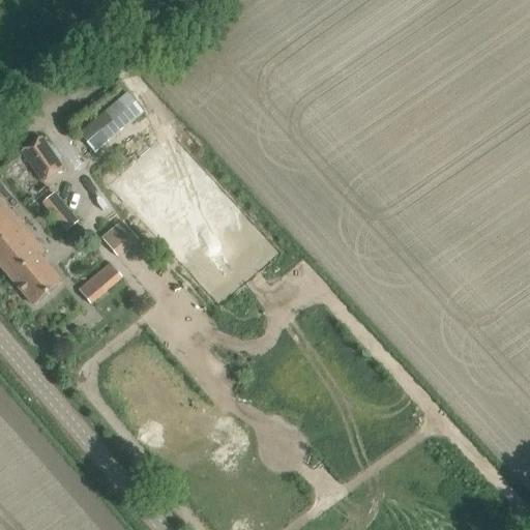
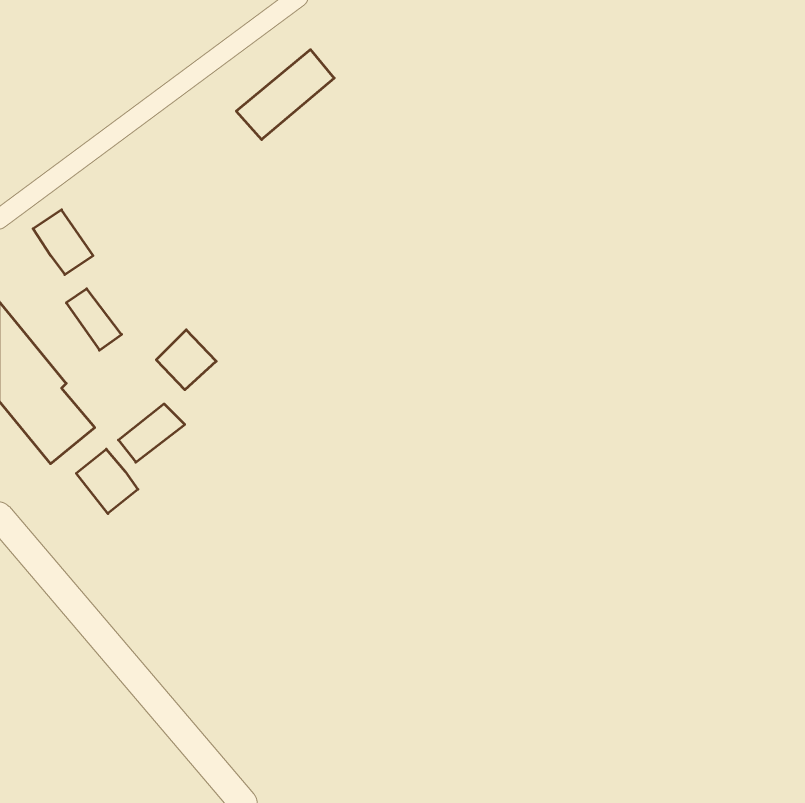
building: [77,93,141,152] -> [236,50,334,140]
building: none -> [76,449,138,514]

